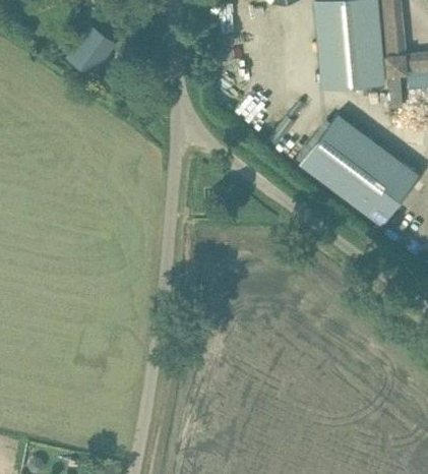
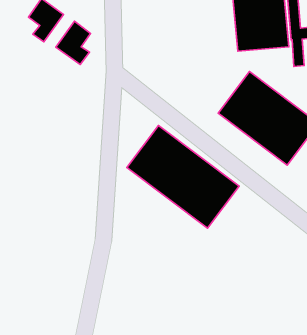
building: none -> [56,21,90,65]
building: none -> [127,125,239,228]

